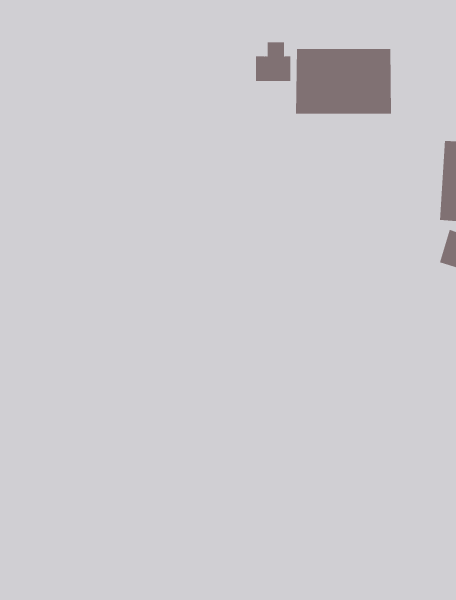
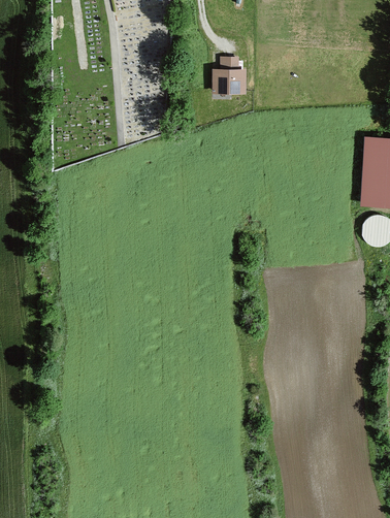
building: [296,48,391,115] -> none

